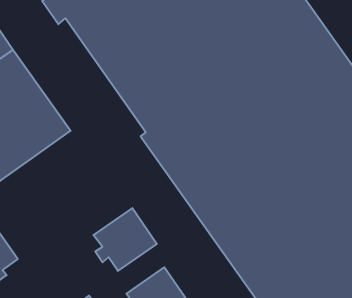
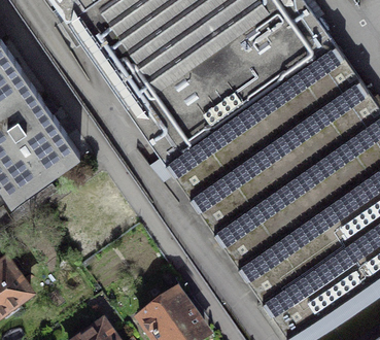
building: [93,208,157,271] -> none

